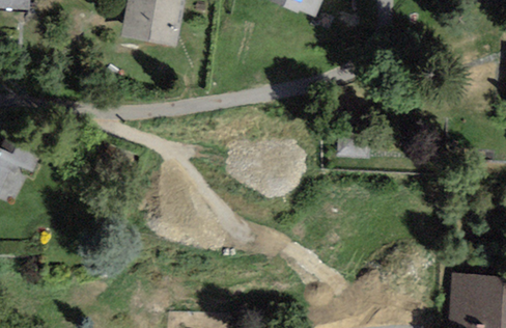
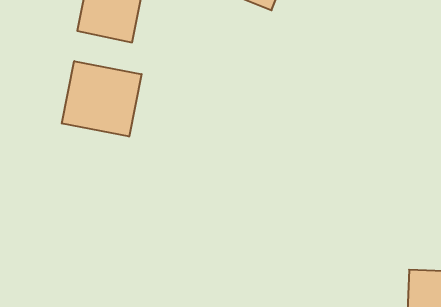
building: none -> [62,61,142,137]

